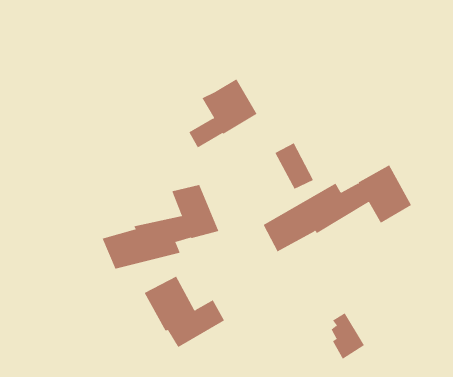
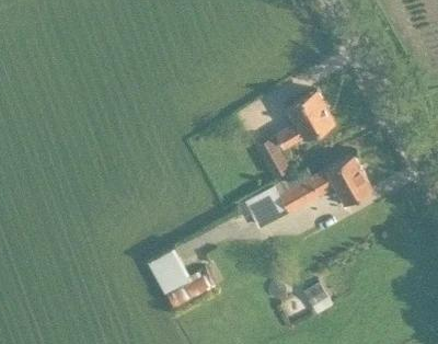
building: [188,79,258,148] -> [275,92,333,150]
building: [102,184,219,270] -> none

